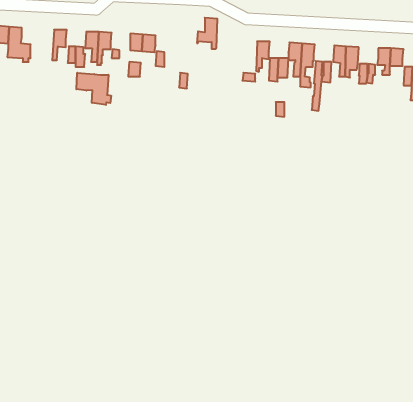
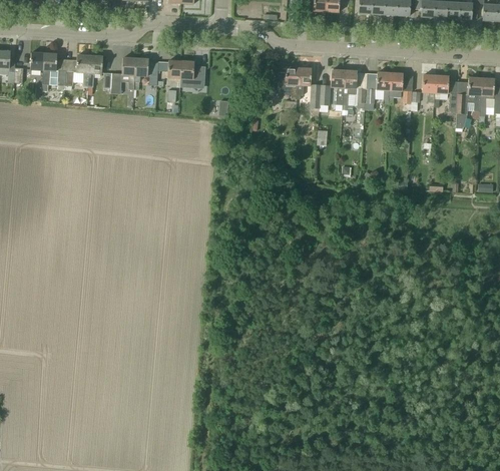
building: [197,18,217,49] -> [278,66,299,98]
building: none -> [66,54,90,86]
building: [76,73,111,105] -> none

